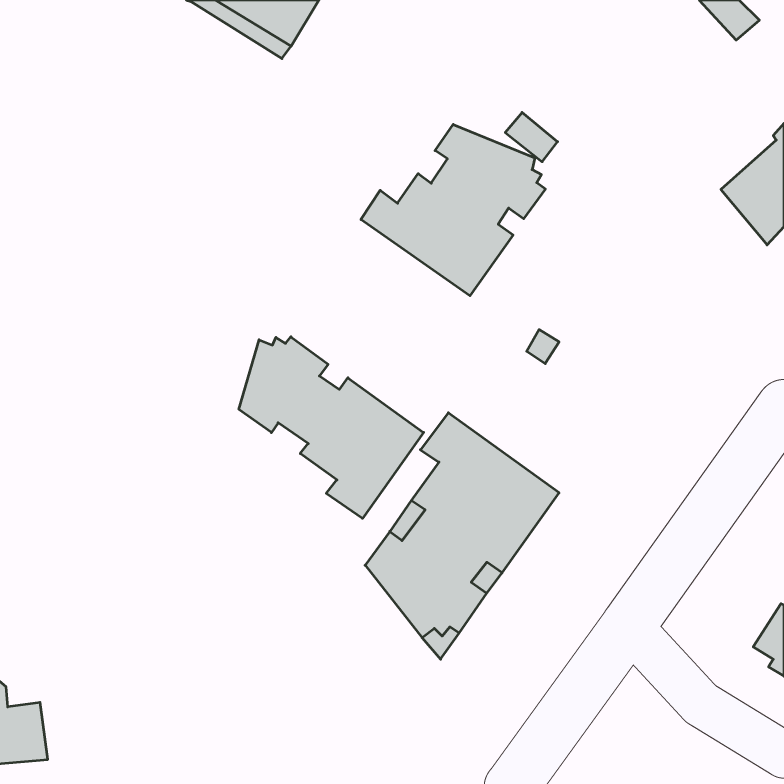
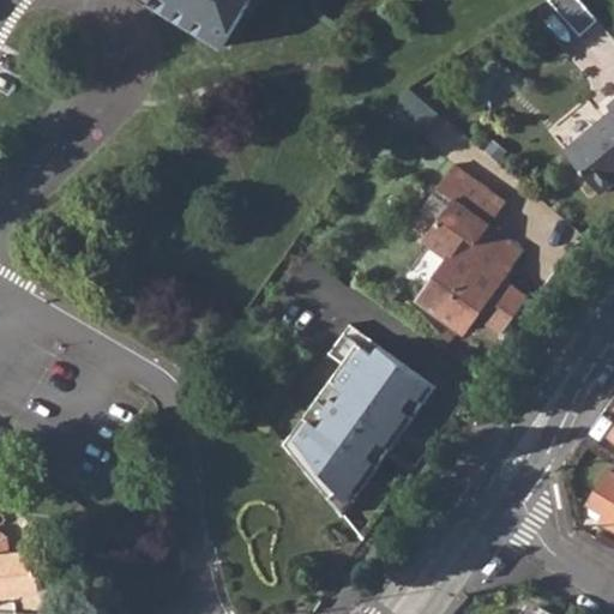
building: [361,124,545,296] -> none
building: none -> [417,164,526,333]
building: [239,337,424,518] -> none

